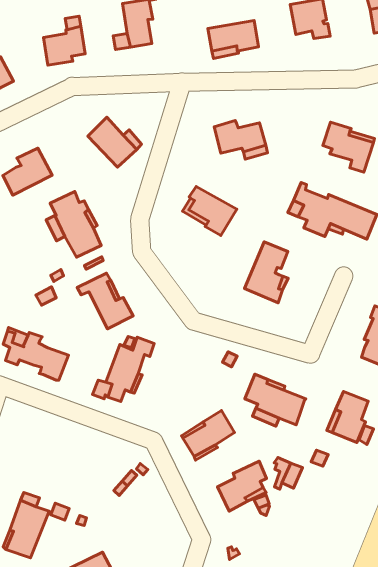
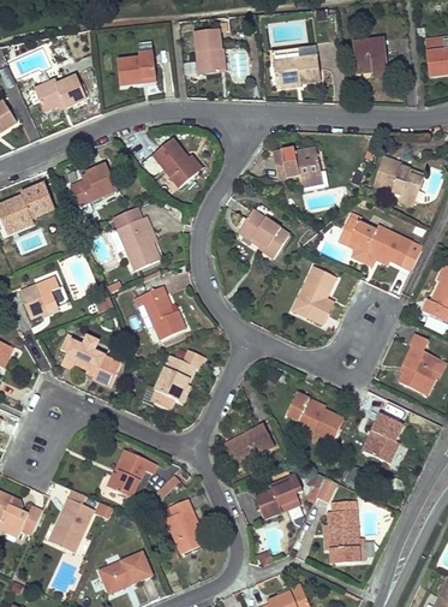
building: none -> [107,450,156,500]
building: none -> [328,501,359,563]
building: none -> [166,499,203,554]

